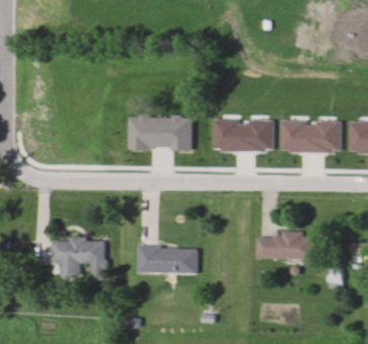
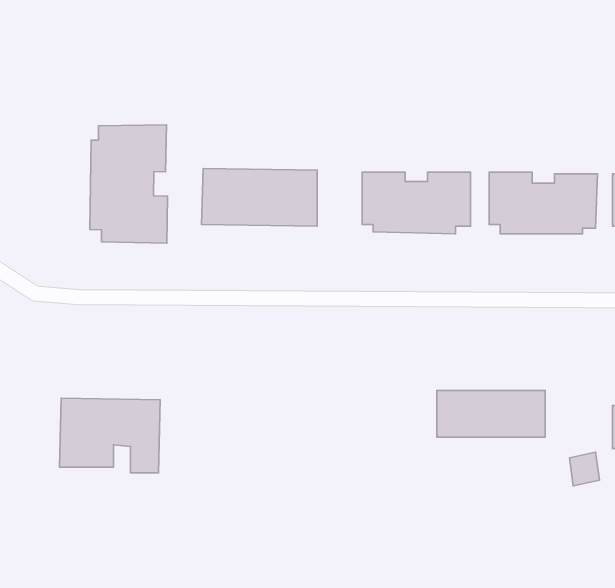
building: none -> [90,125,168,243]
building: [136,249,198,275] -> none

